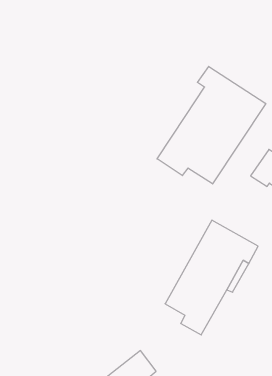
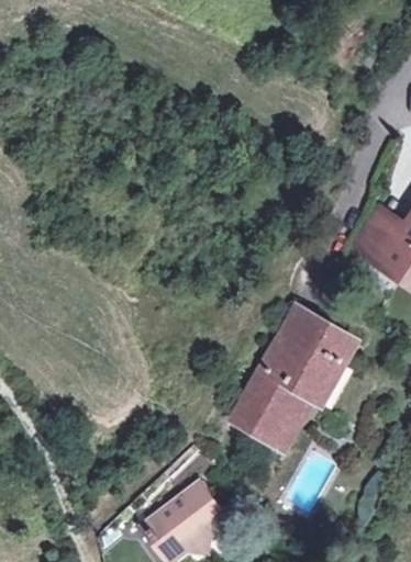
building: [157,66,266,184] -> none

